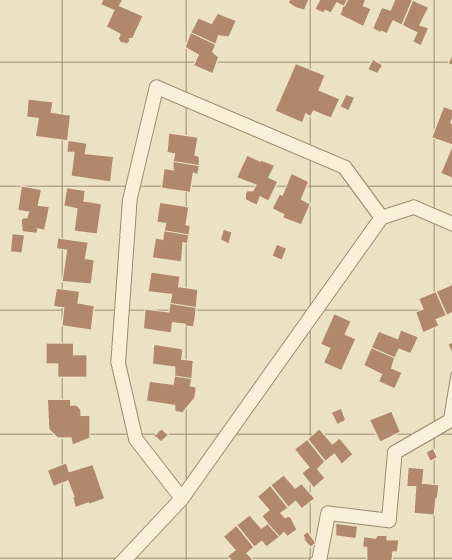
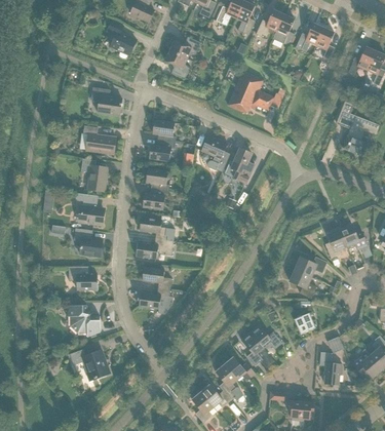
building: [26,99,71,140] -> [91,87,122,116]
building: [18,186,49,233] -> none
building: [320,314,356,371] -> none

